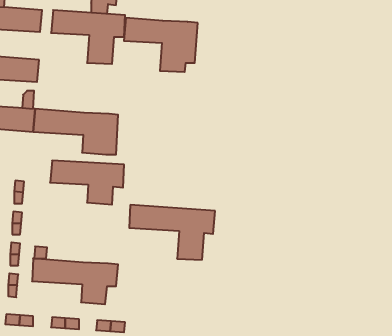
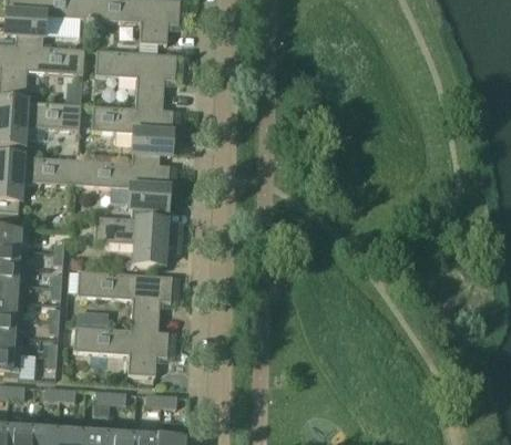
building: [124,18,198,72] -> [91,105,173,165]
building: [129,205,215,260] -> [76,270,172,331]

